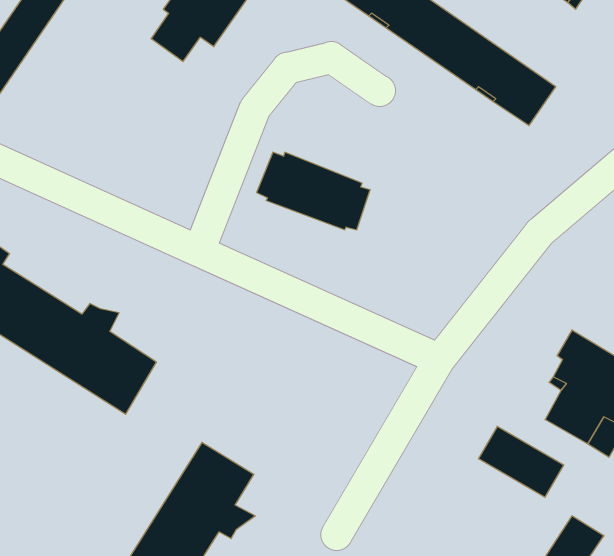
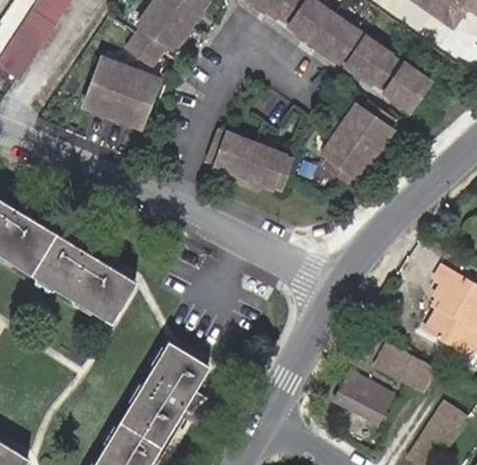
building: none -> [82,55,161,127]
building: none -> [322,101,398,184]
building: none -> [335,372,392,424]

